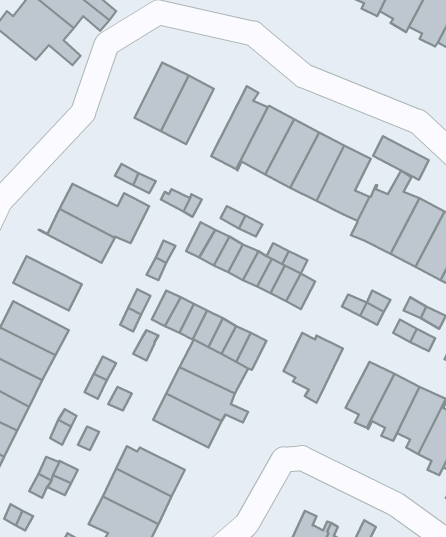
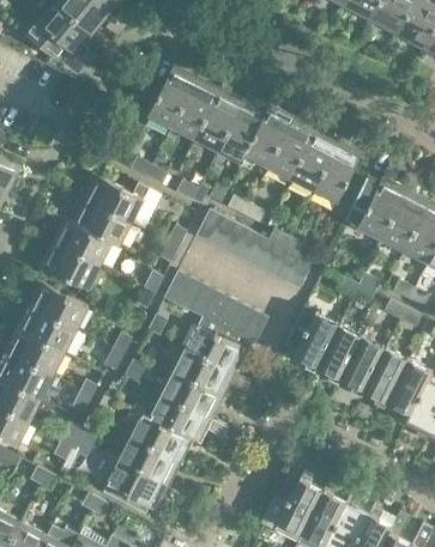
building: none -> [195,86,250,150]
building: [373,136,429,180] -> none
building: none -> [50,217,111,266]
building: none -> [318,324,362,385]
building: none -> [153,389,228,438]

